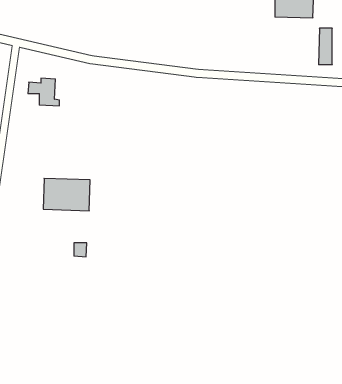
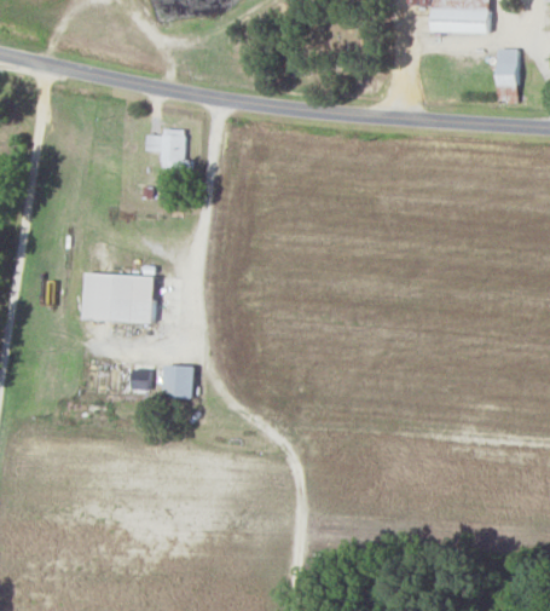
building: [28,78,59,106] -> [144,128,191,169]
building: none -> [163,365,193,398]

